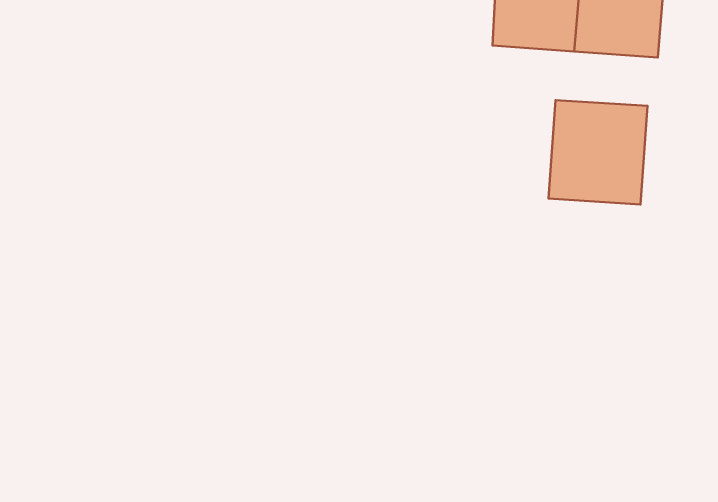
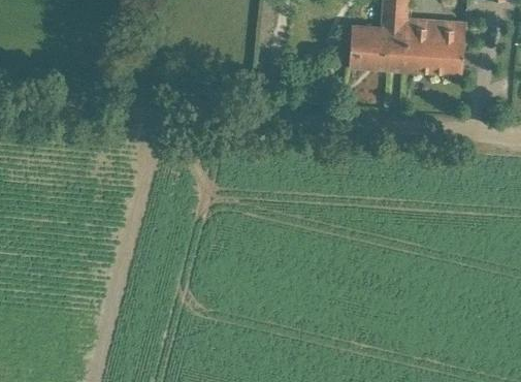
building: [548,100,648,205] -> none

